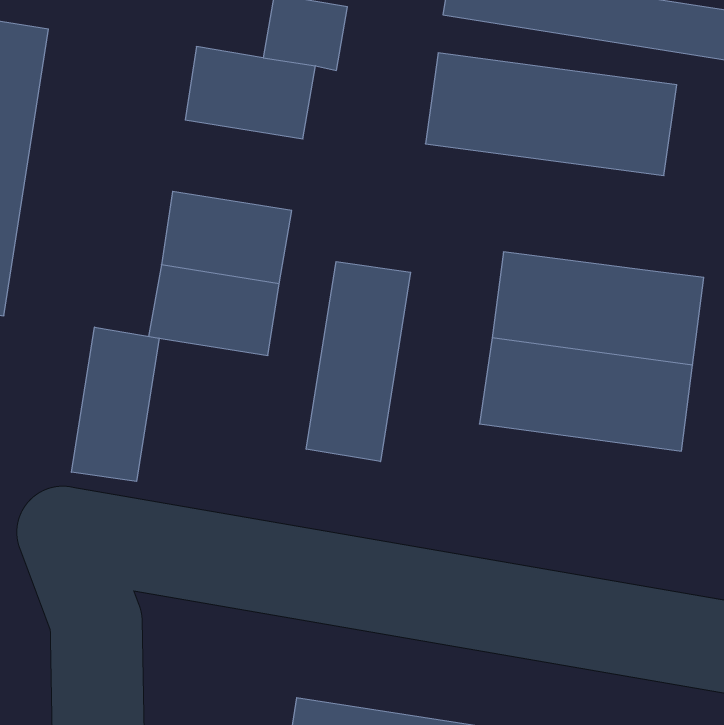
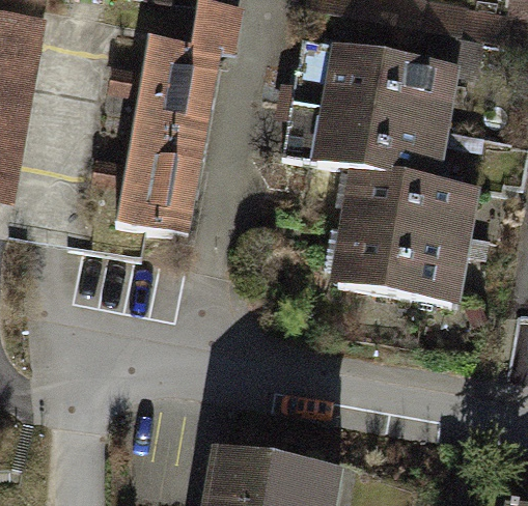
building: none -> [130,80,215,139]
building: none -> [286,95,450,178]
building: [306,262,411,462] -> none
building: [71,327,159,481] -> none

